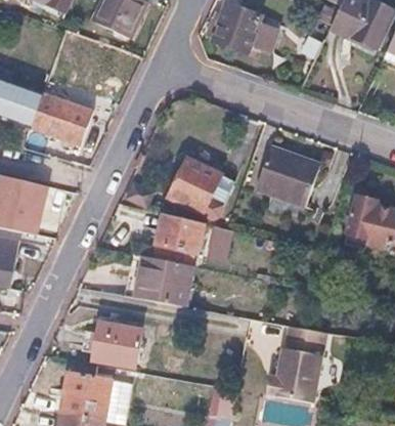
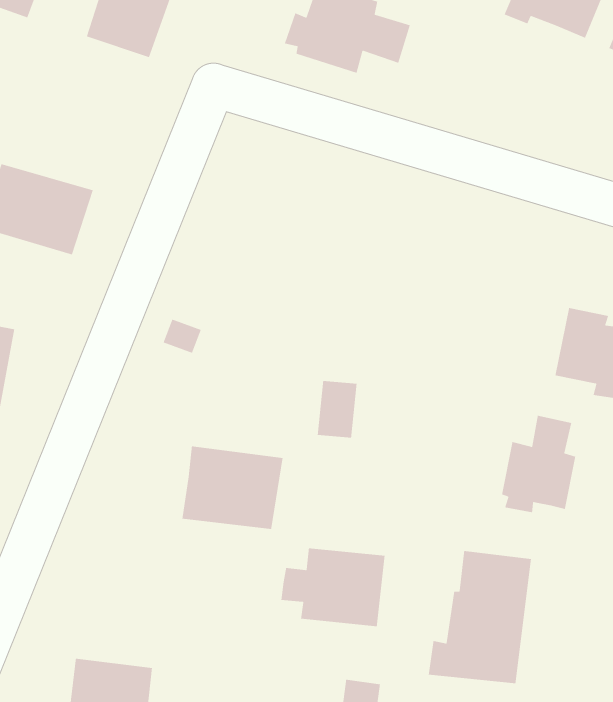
building: [256,150,319,209] -> none
building: [166,158,234,217] -> none
building: [153,214,202,254] -> none
building: none -> [501,415,576,513]
building: [80,322,140,369] -> [280,547,386,627]

